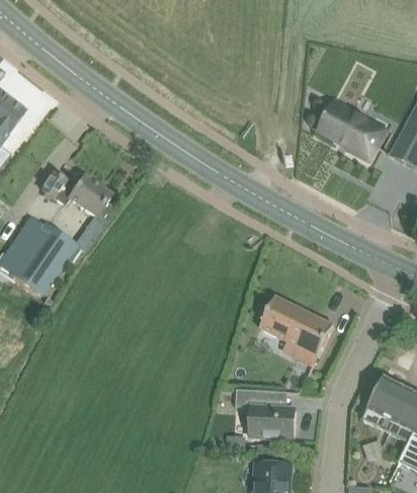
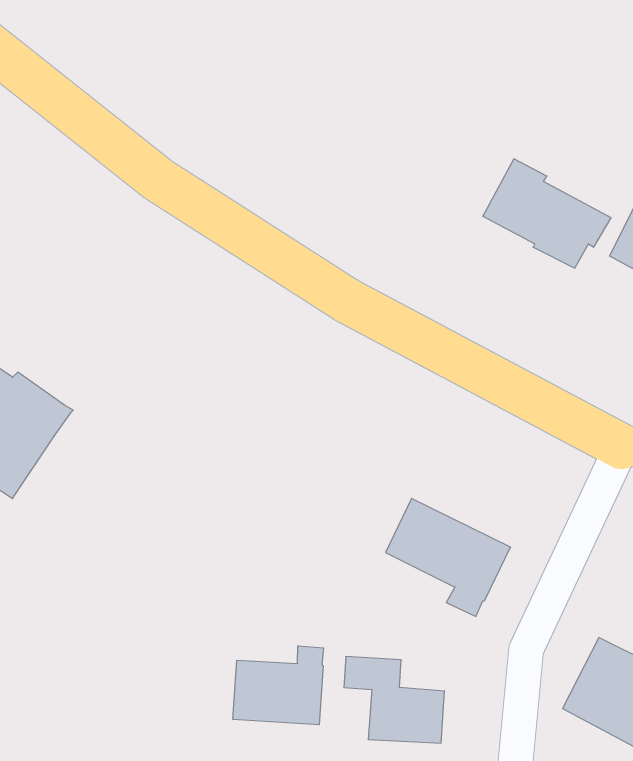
building: [41,170,116,219] -> none
building: none -> [233,646,323,725]

